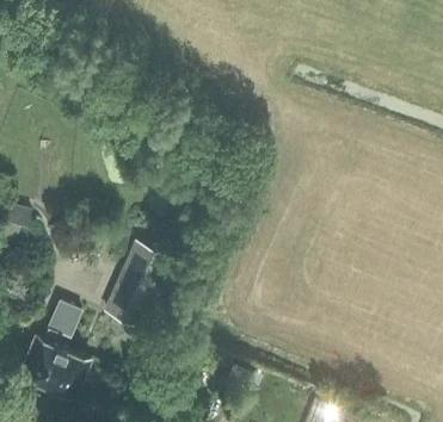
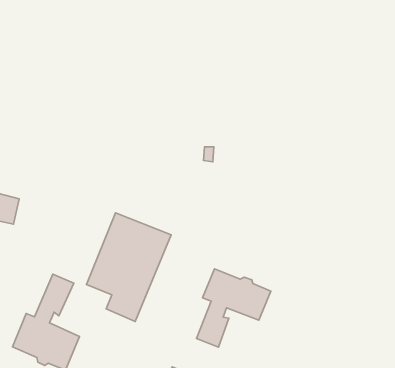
building: none -> [197,269,271,347]

